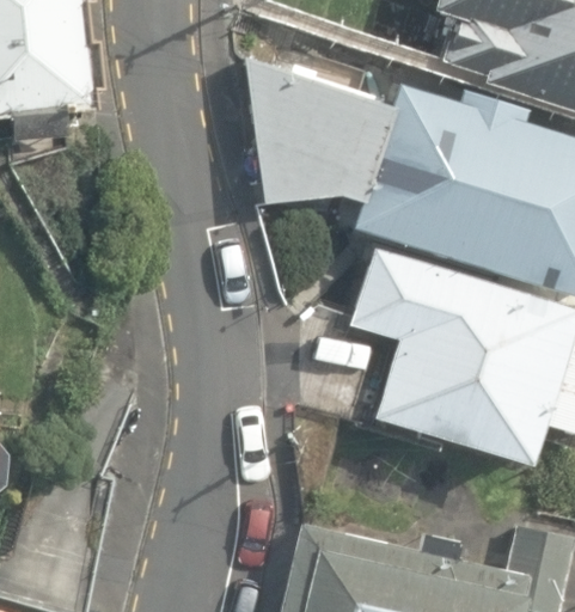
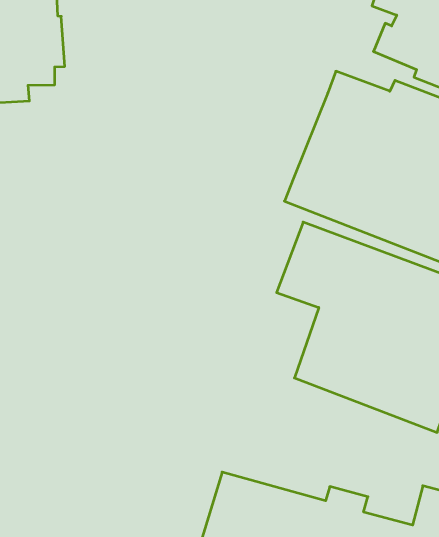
building: [243,54,389,204] -> none

